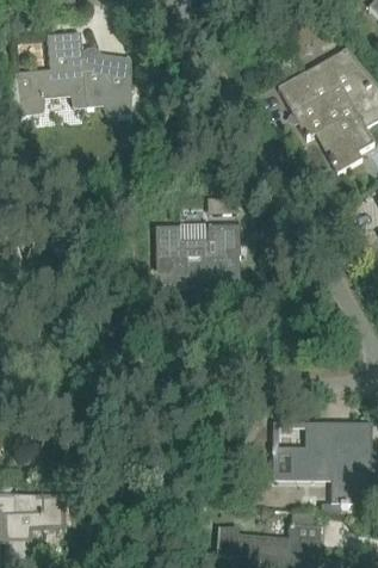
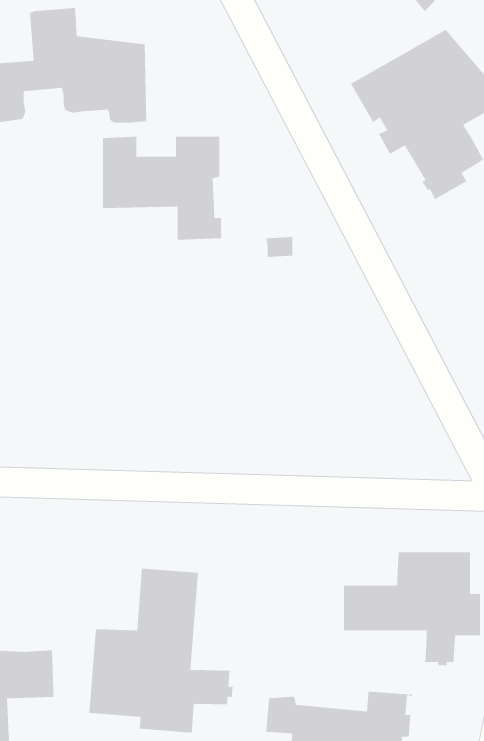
building: [155,224,241,300] -> [102,136,222,240]
building: none -> [88,568,233,733]

